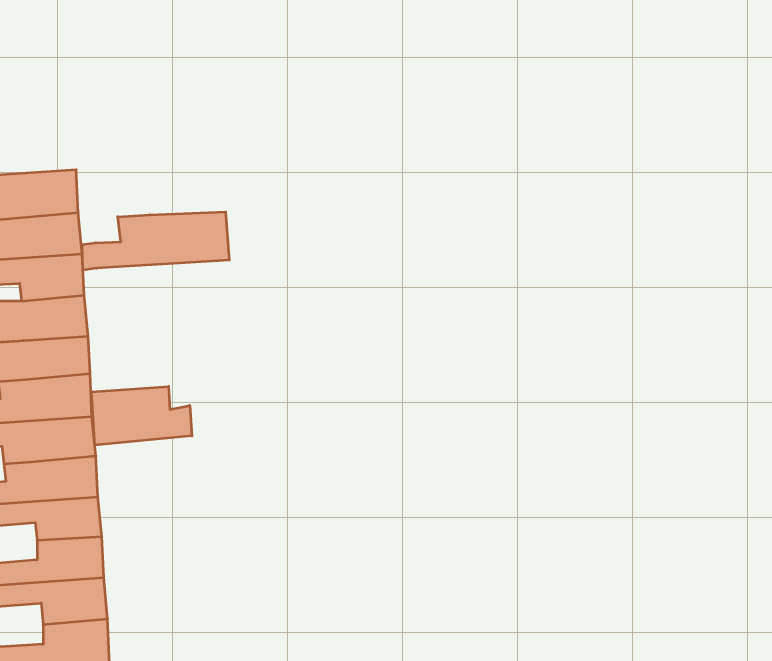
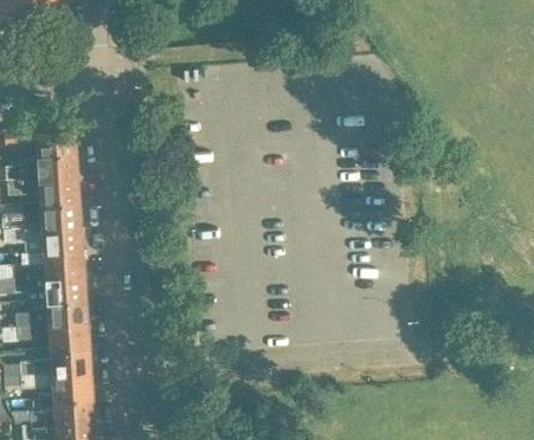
building: [82,212,229,270] -> none
building: [91,386,192,445] -> none

